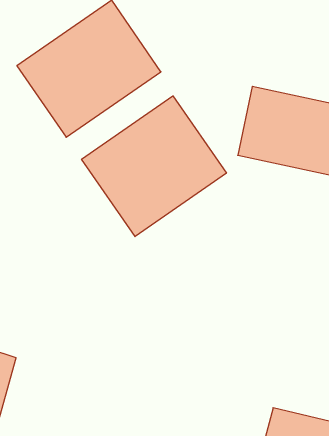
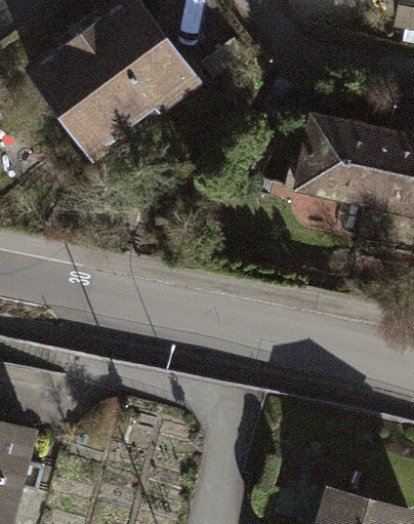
building: [82,96,226,237] -> none

